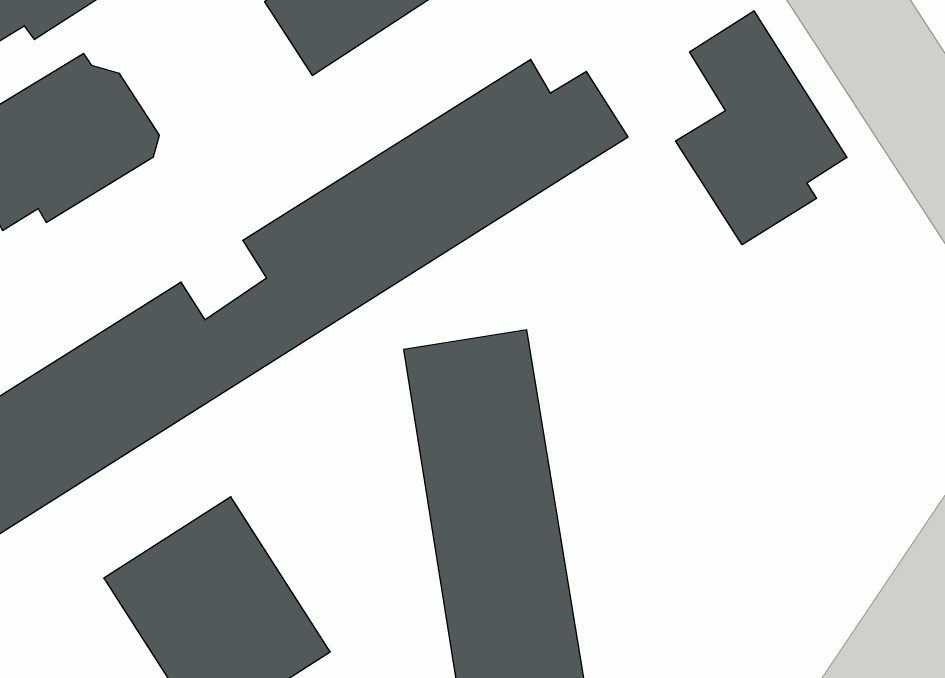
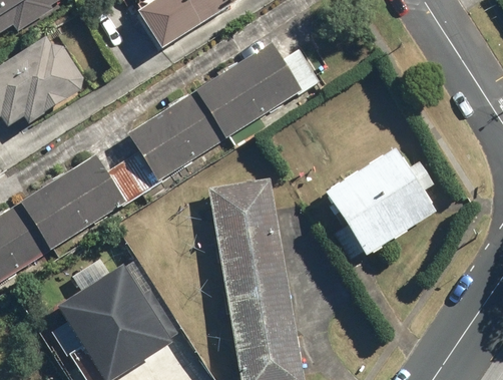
building: [676,11,847,245] -> none
building: none -> [323,147,435,256]

